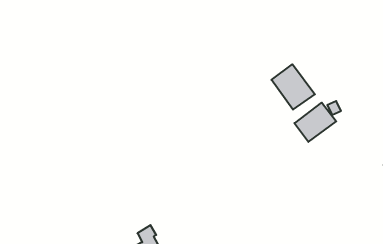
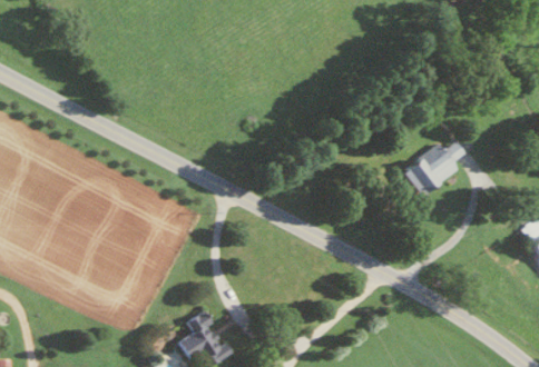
building: [271,64,315,110] -> none

